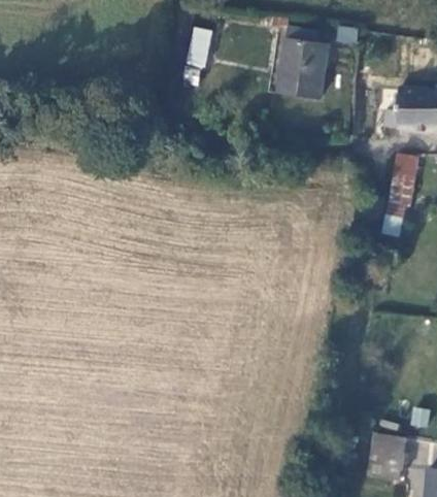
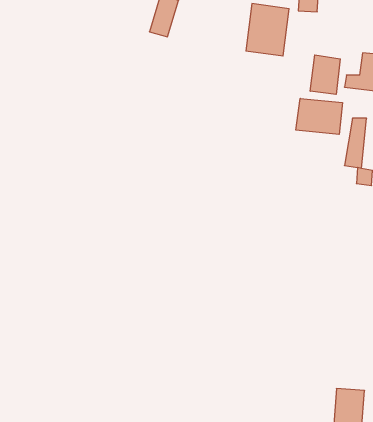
building: none -> [310,55,340,94]
building: none -> [296,98,342,134]

